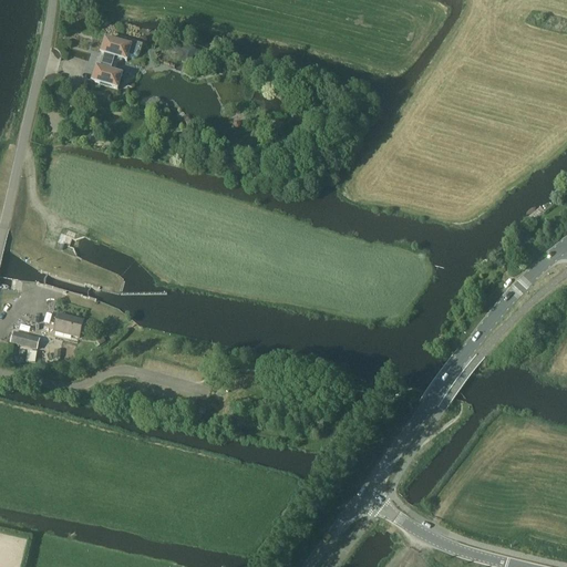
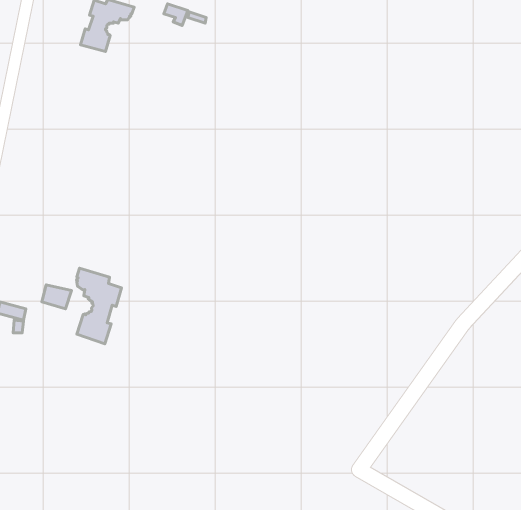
building: none -> [77,268,122,344]

